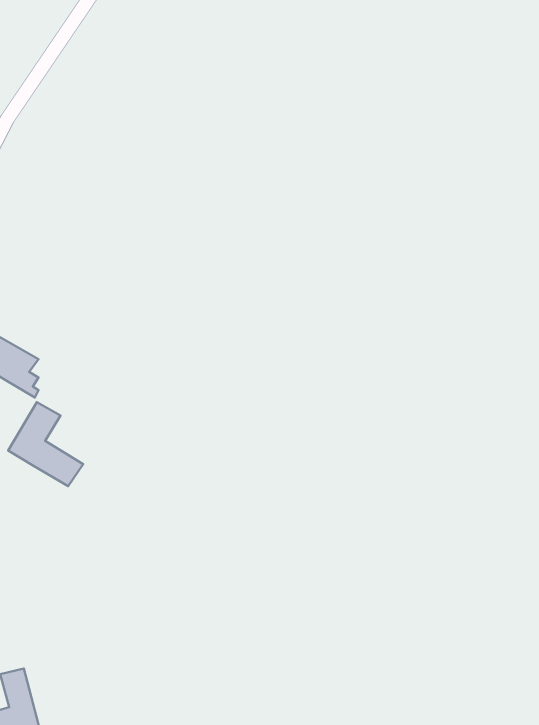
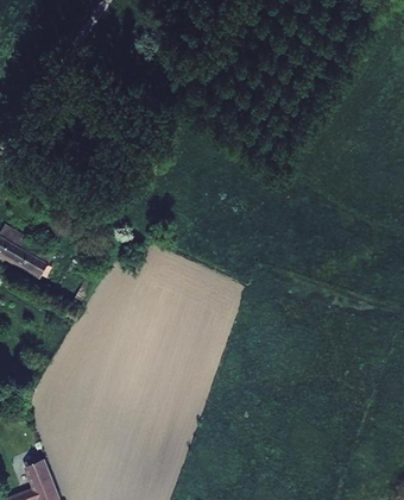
building: [8,402,83,486] -> none

